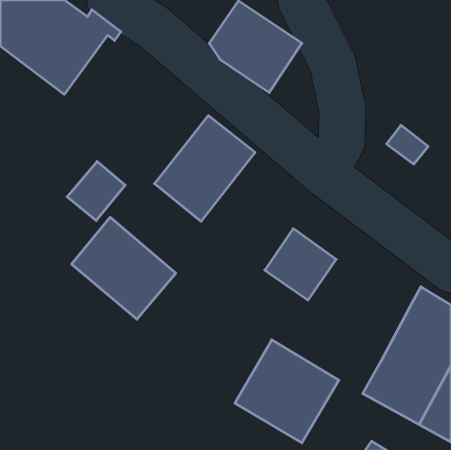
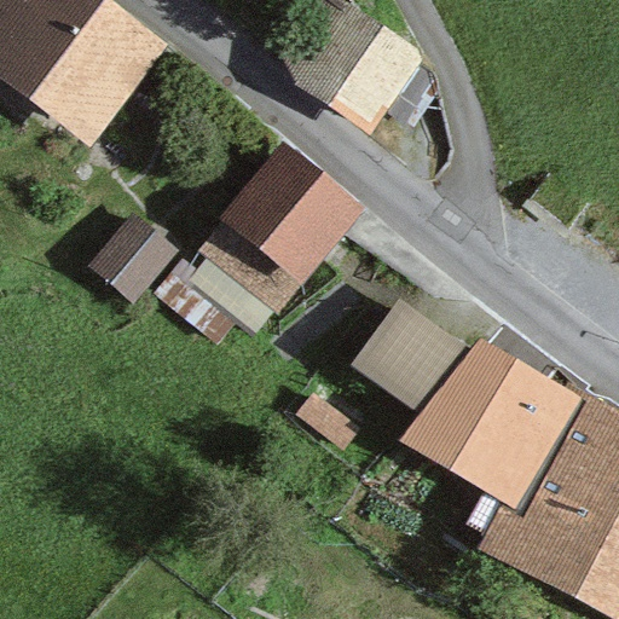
building: [72,217,176,319] -> none
building: none -> [418,355,565,496]
building: [235,340,339,443] -> none

